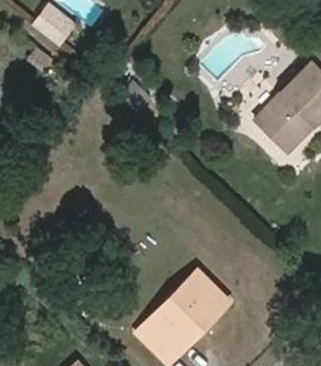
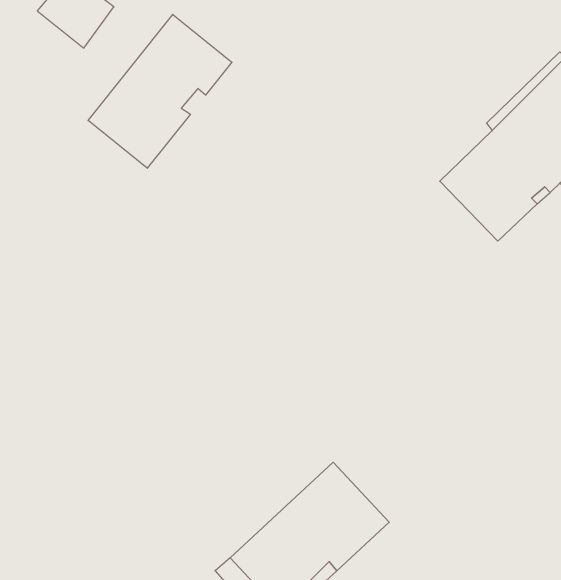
building: none -> [88,14,232,168]

